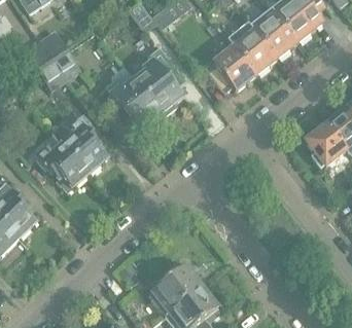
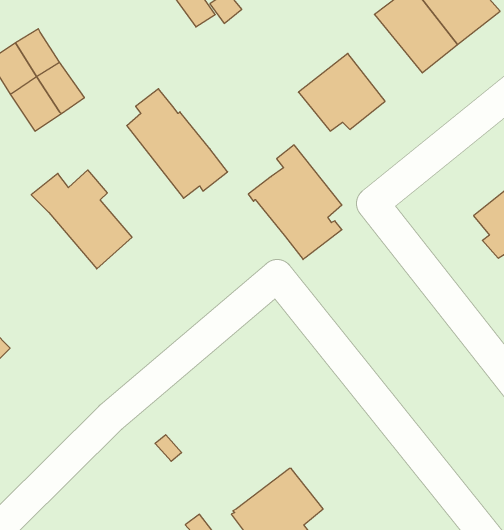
building: [227,21,277,73] -> none
building: [132,47,186,114] -> [248,145,342,260]
building: [36,138,87,188] -> none
building: [151,261,200,312] -> none

